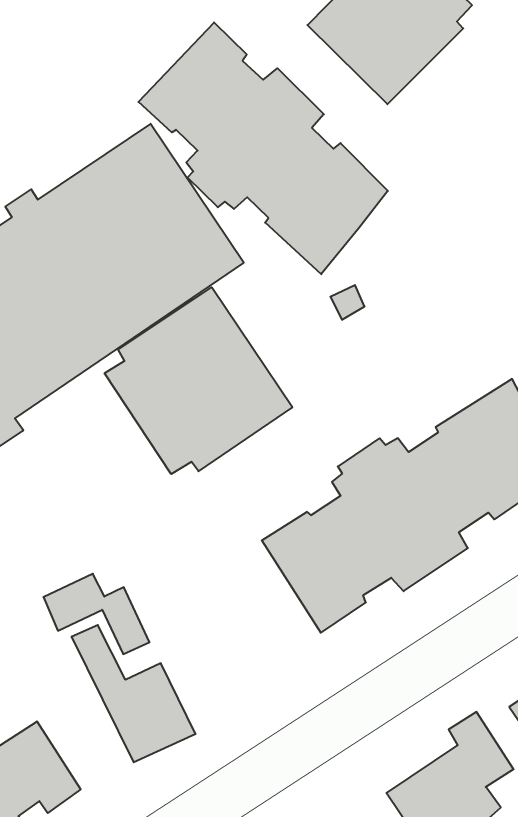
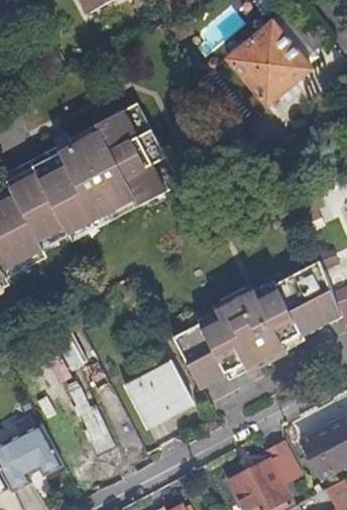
building: [138,22,388,274] -> none
building: [105,287,292,474] -> none
building: none -> [124,361,191,422]

